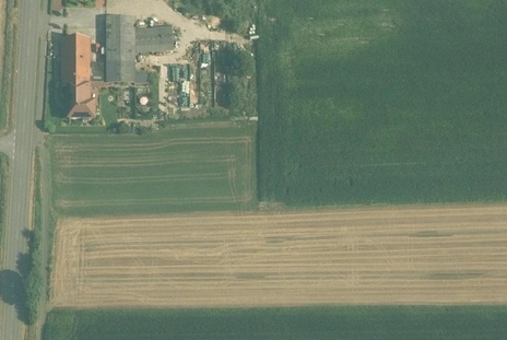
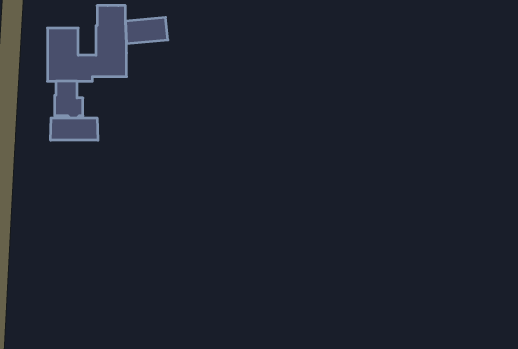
building: none -> [51,118,98,140]

